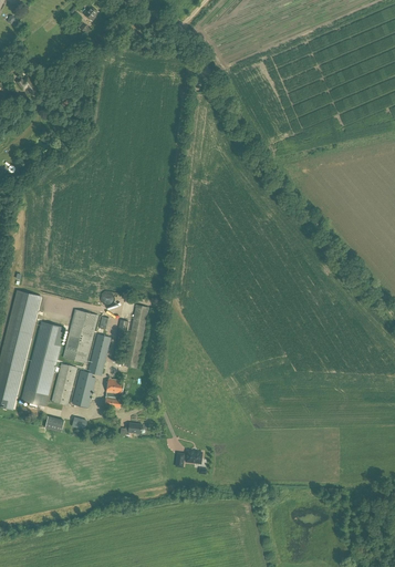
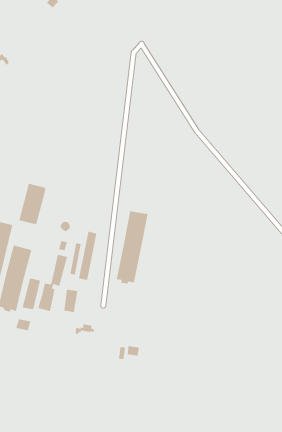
building: none -> [116,210,148,284]
building: [63,309,98,362] -> [19,183,46,225]

